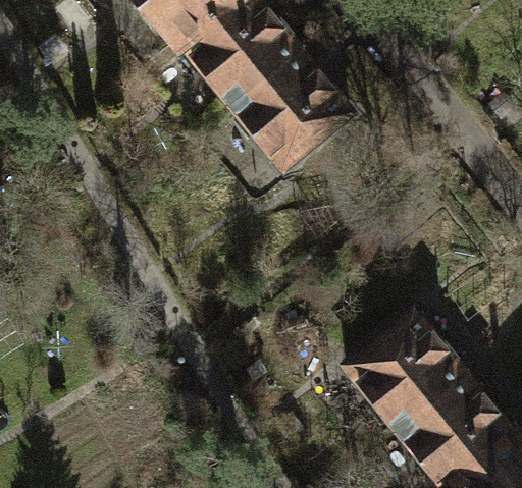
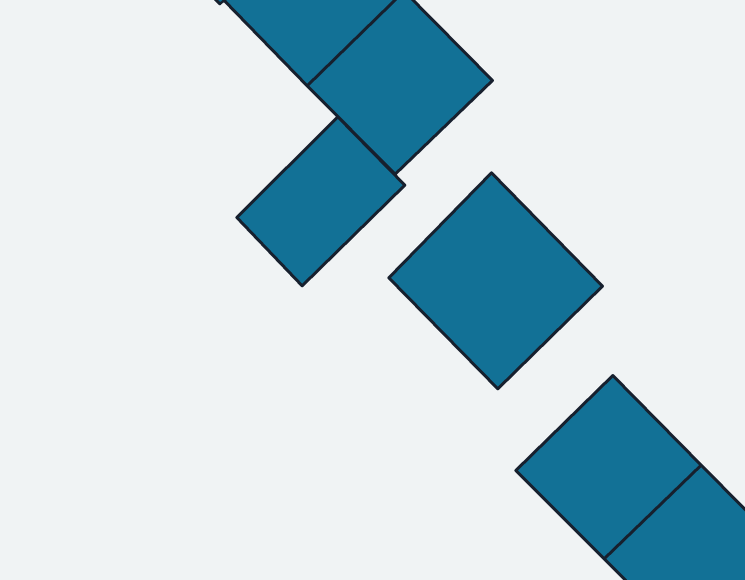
building: none -> [237,117,405,286]
building: none -> [389,173,603,389]

